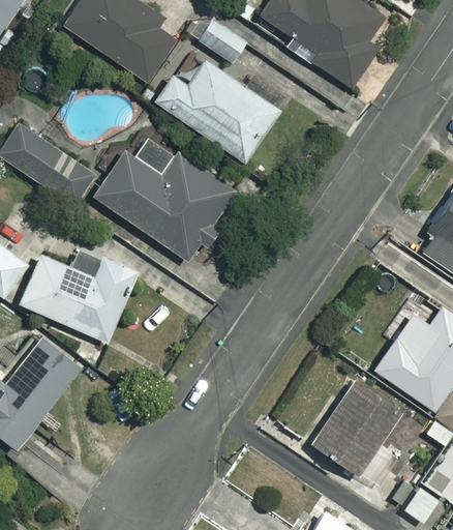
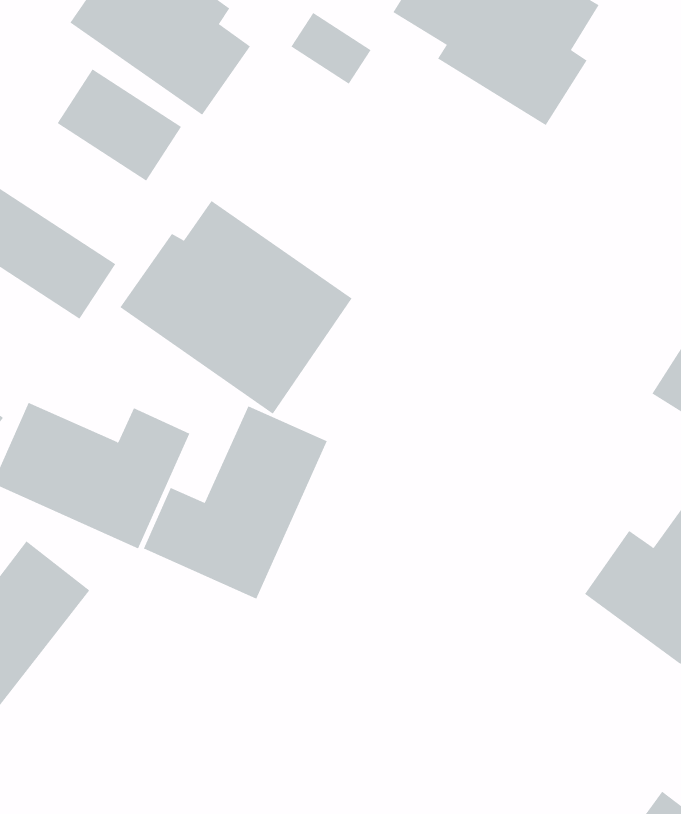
building: none -> [57,68,182,182]
building: [155,59,279,163] -> none
building: none -> [143,405,327,599]
building: [311,379,400,474] -> none

